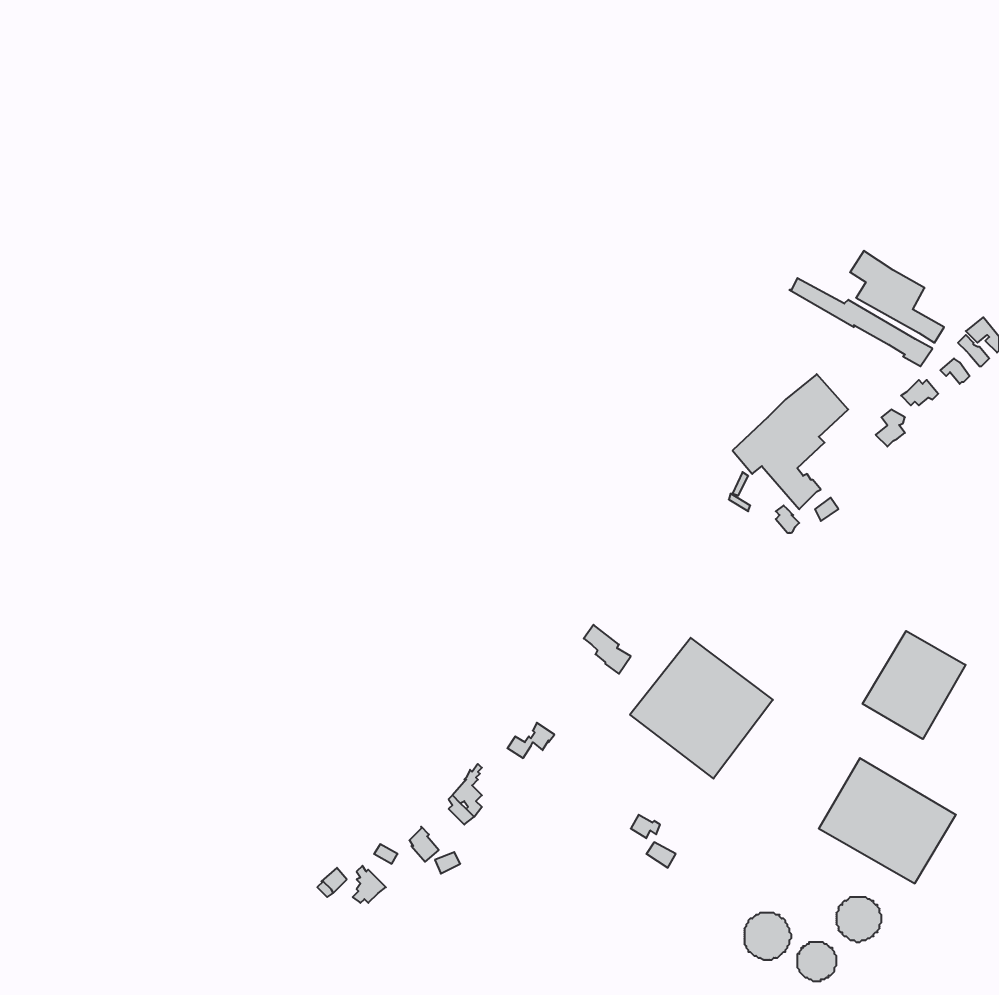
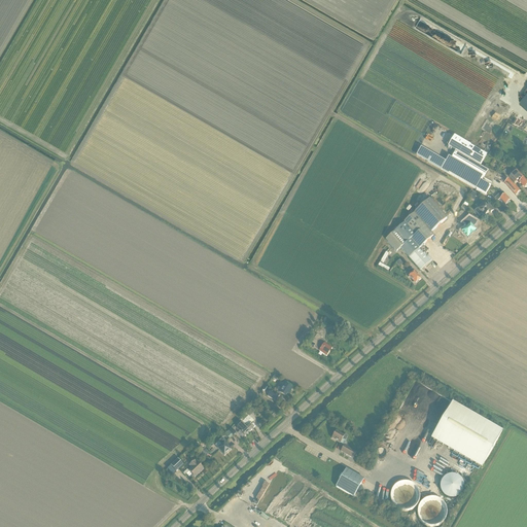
building: [863,631,966,739] -> none
building: [630,638,773,779] -> none
building: none -> [335,465,363,496]

